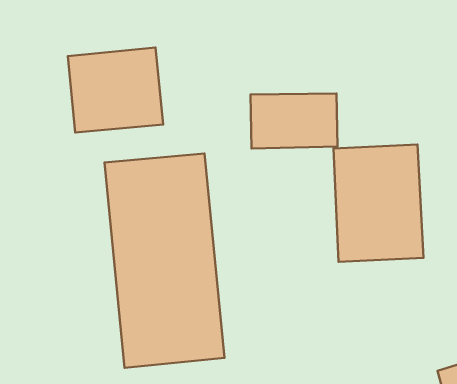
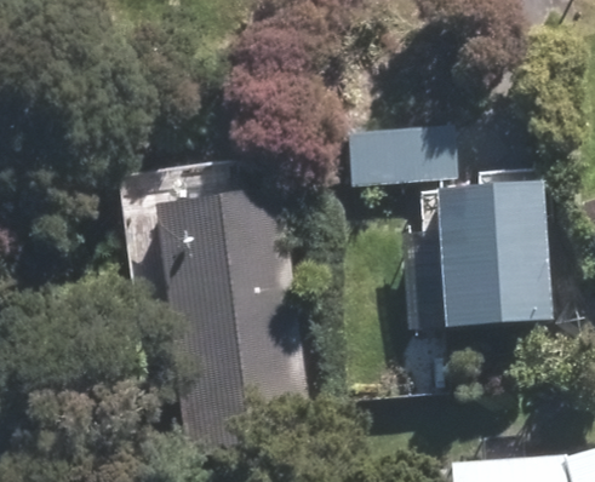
building: [68,47,163,132] -> none

